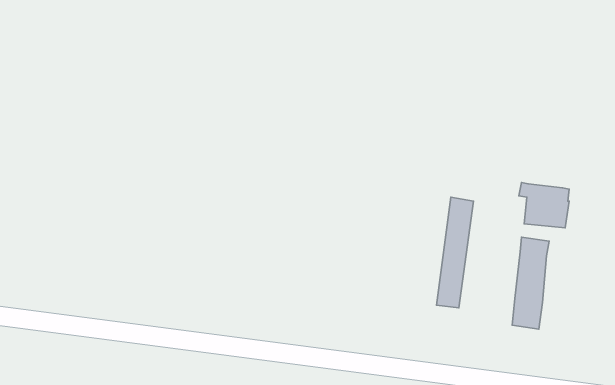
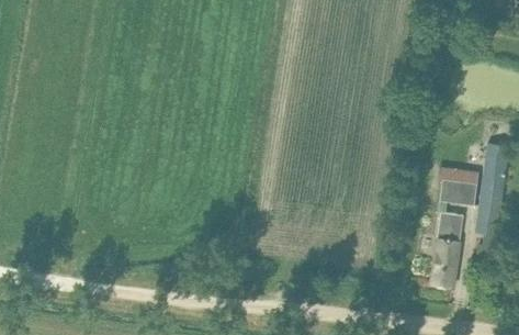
building: [436,197,474,308] -> [477,143,508,234]

